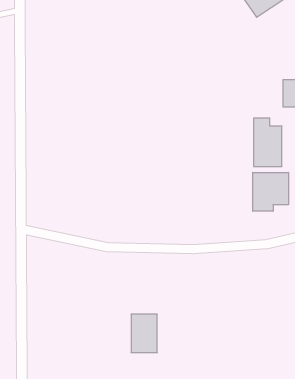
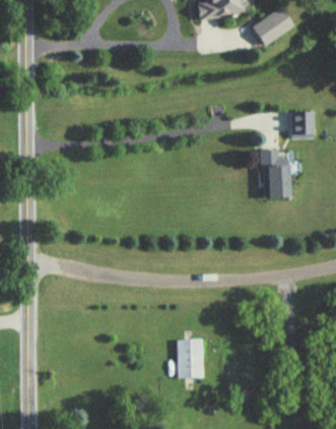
building: [253,172,288,211] -> none
building: [131,314,157,353] -> [176,340,202,378]

